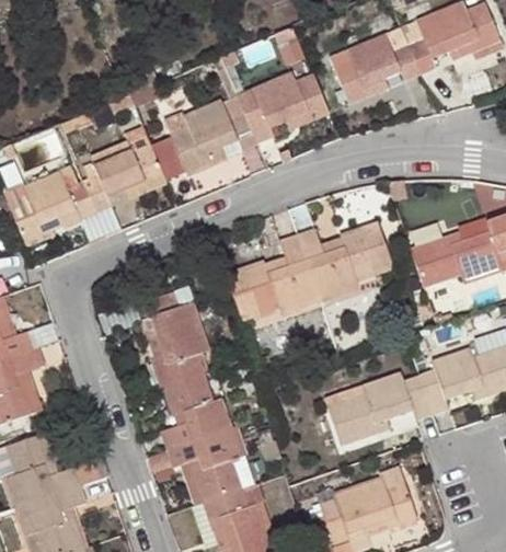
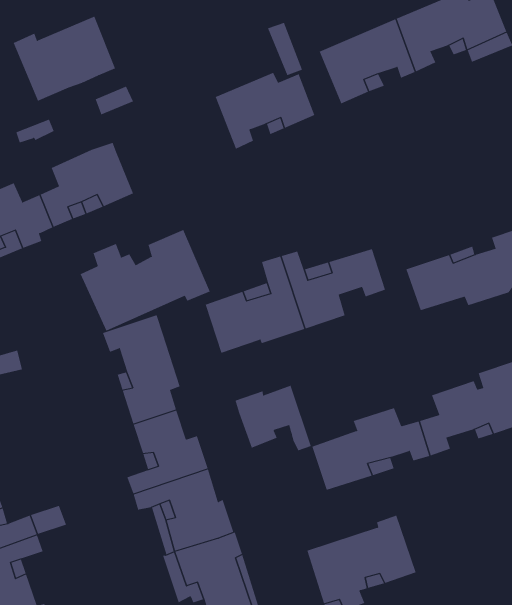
building: [164,93,256,170] -> [13,16,116,101]
building: none -> [80,229,211,331]
building: none -> [235,385,311,451]

